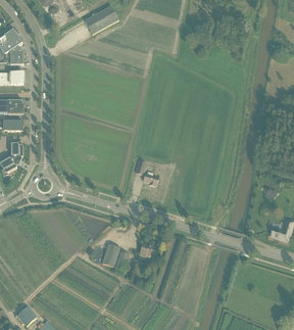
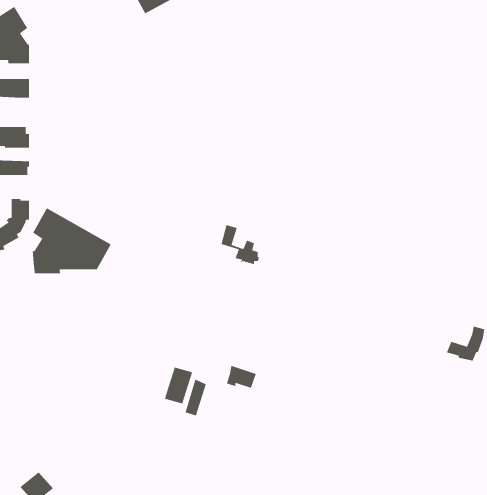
building: none -> [32,207,112,274]

